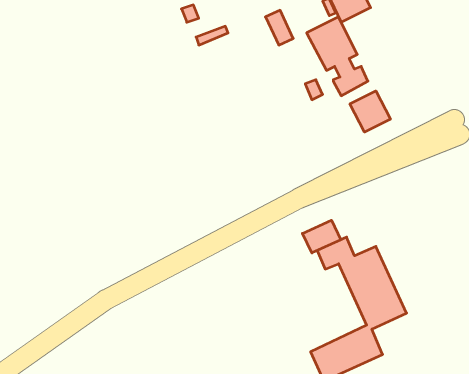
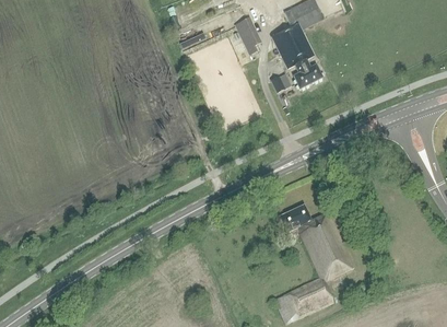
building: [350,91,390,132] -> none
building: [302,220,341,253] -> none

